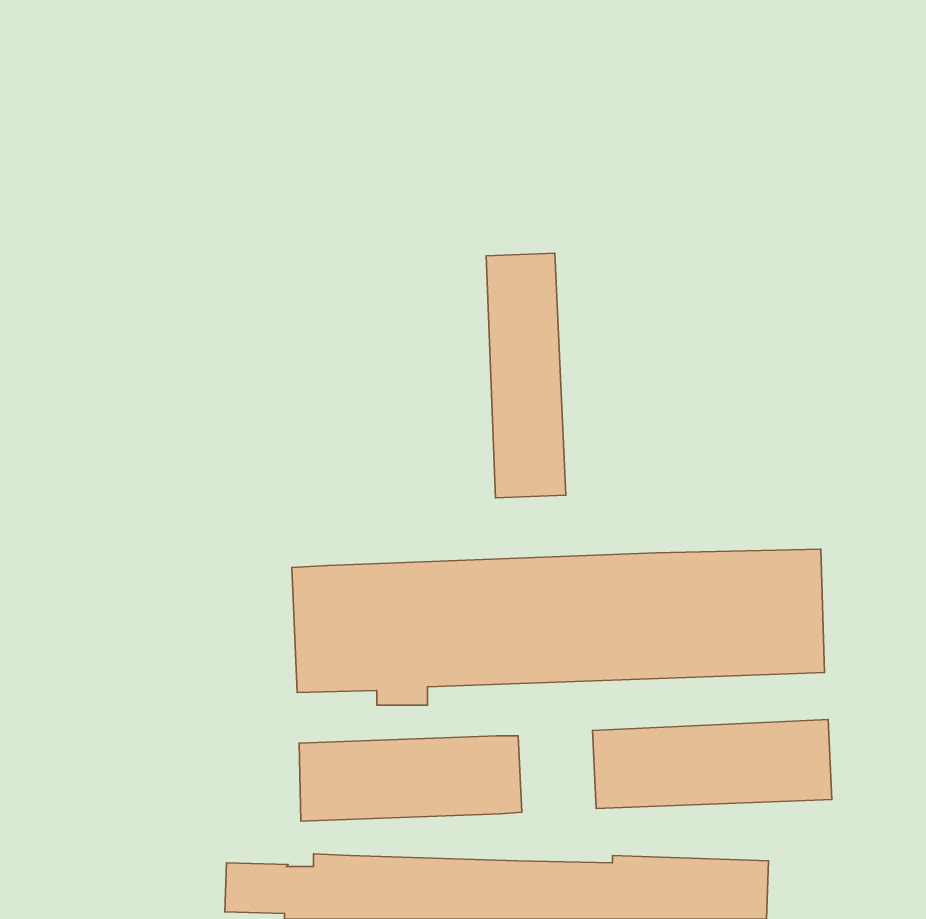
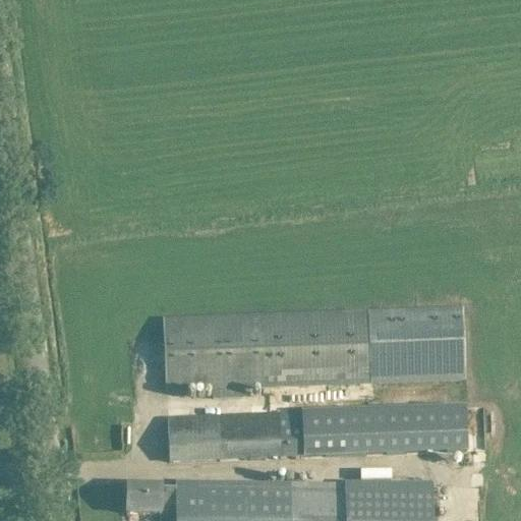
building: [486,253,566,498] -> none
building: none -> [291,410,335,456]

